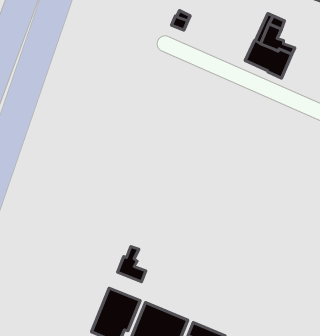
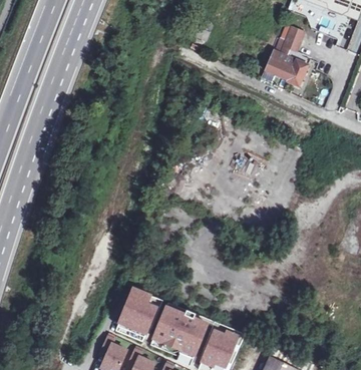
building: [117,246,146,282] -> none

